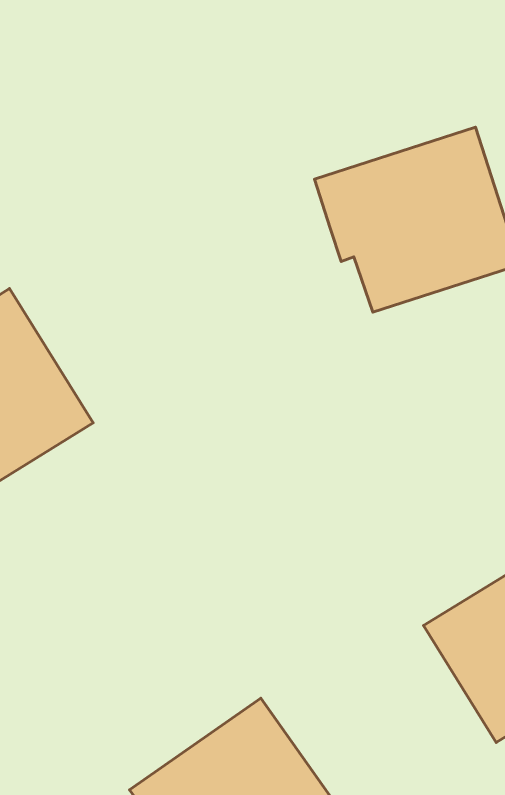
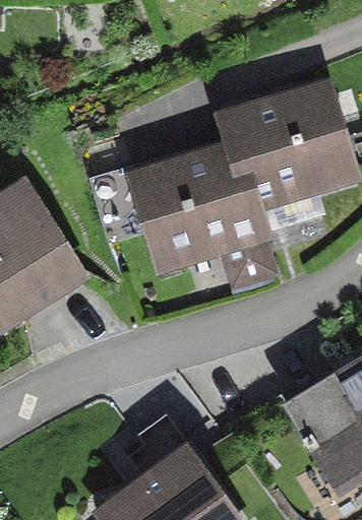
building: none -> [135,151,279,281]

